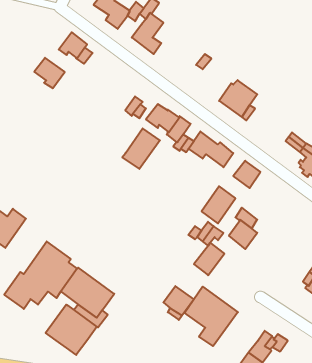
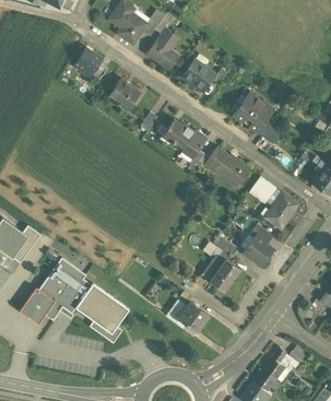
building: none -> [181,60,213,92]
building: [34,58,65,88] -> [109,80,140,110]
building: [122,128,160,169] -> none
building: [202,186,235,223] -> [264,193,298,231]
building: [185,287,238,346] -> none
building: [46,305,97,355] -> none

